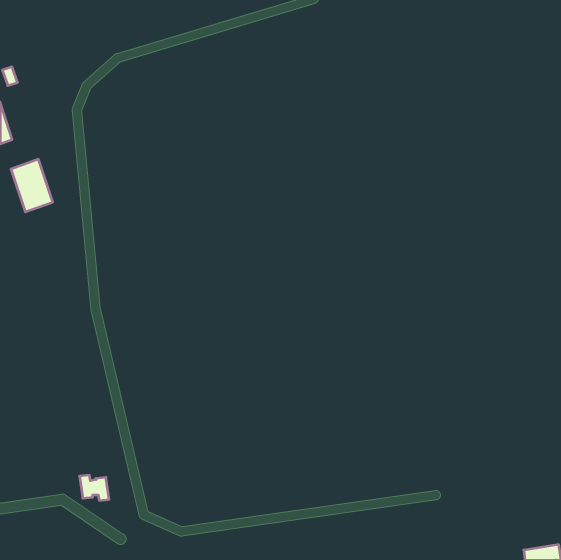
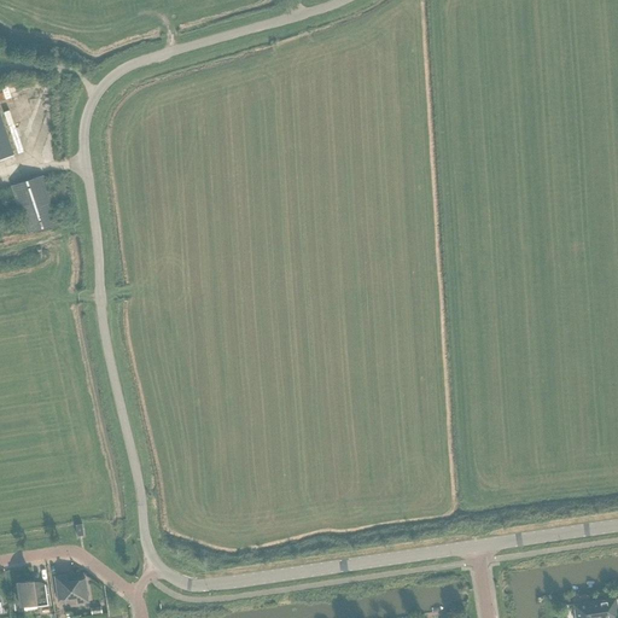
building: [79,475,109,500] -> [56,575,88,602]
building: none -> [13,579,48,608]

